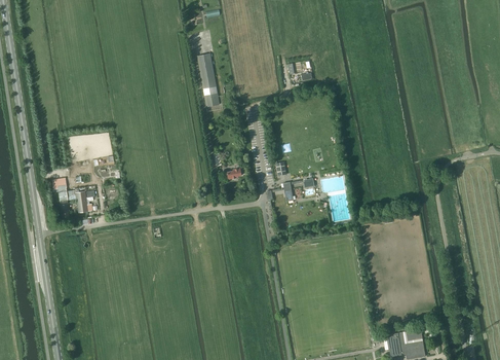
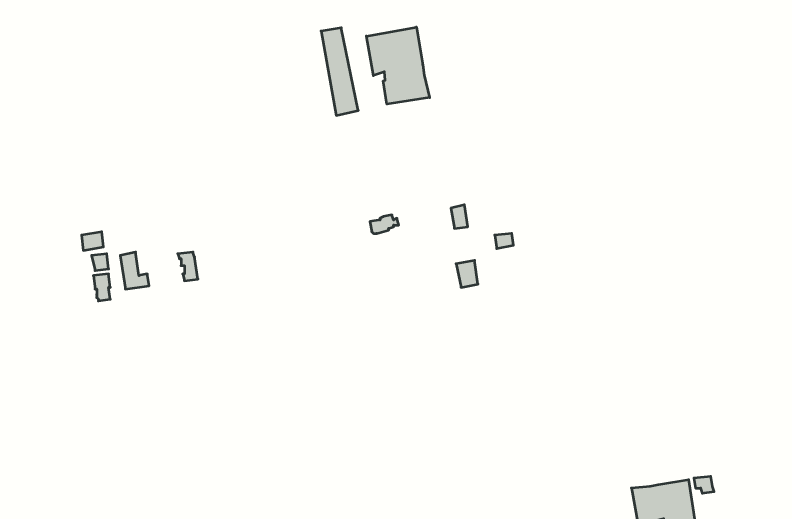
building: none -> [366,27,430,104]

